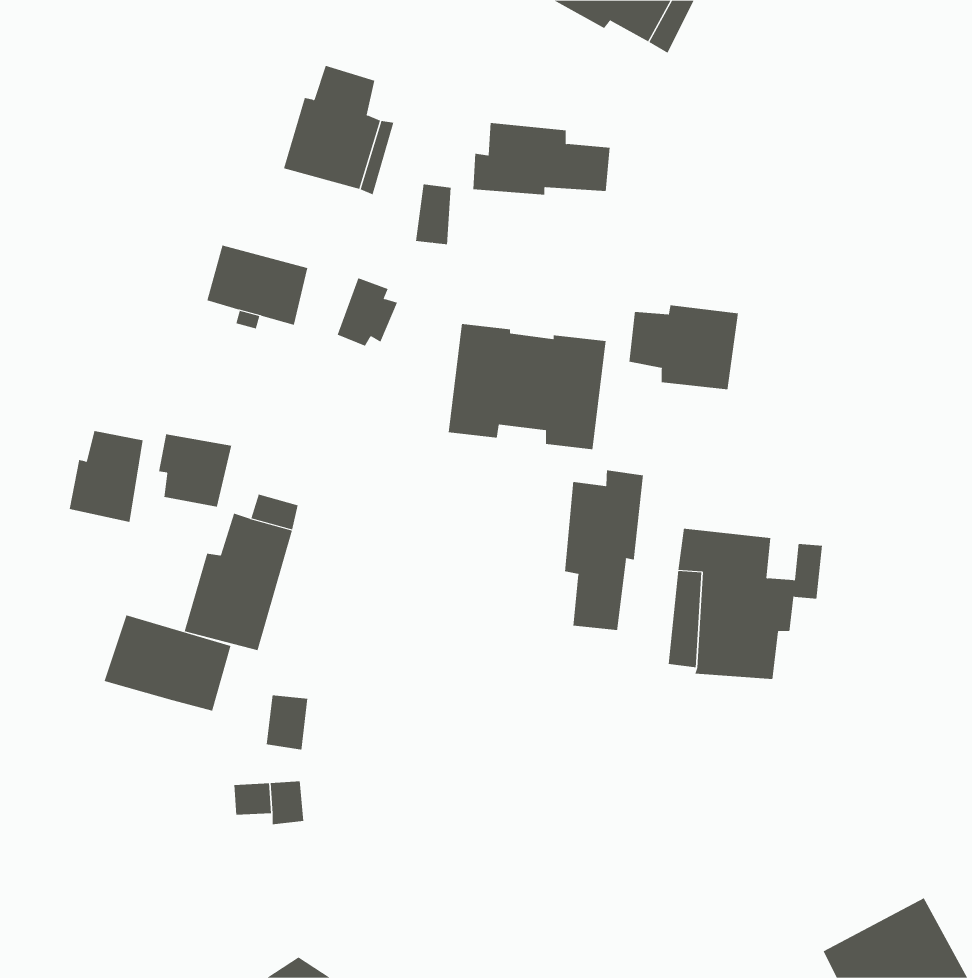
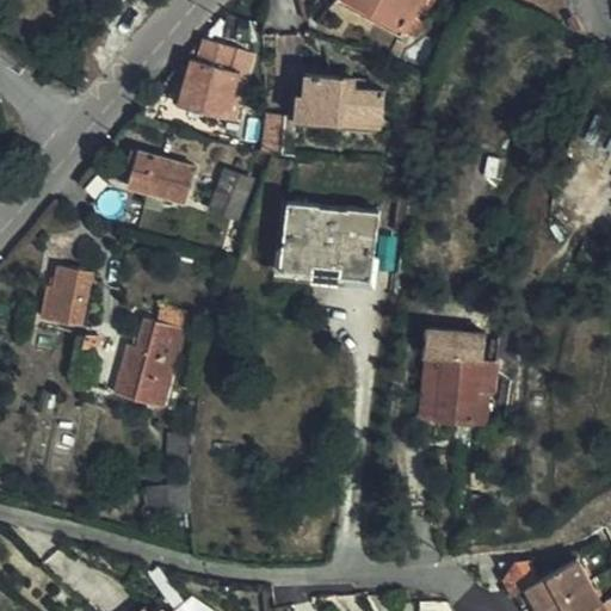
building: [629,304,739,390] -> none
building: [158,434,232,508] -> none
building: [565,470,643,631] -> none
building: [104,615,231,712] -> none

